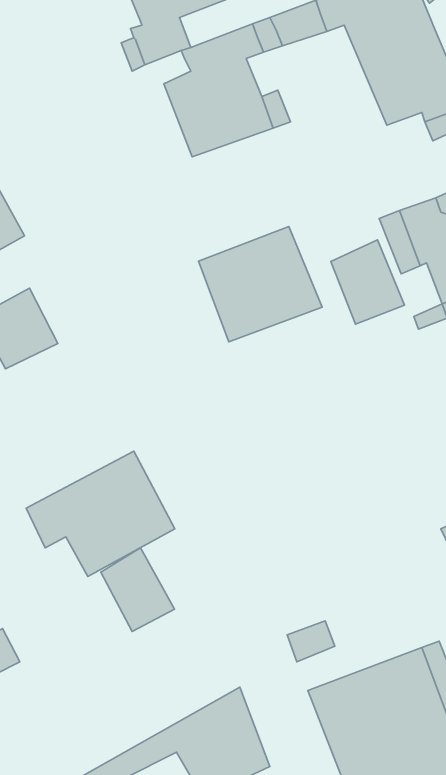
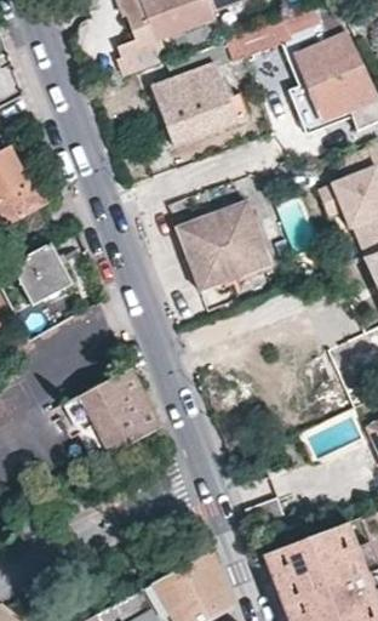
building: [331,240,404,324] -> none
building: [101,548,174,632] -> none

